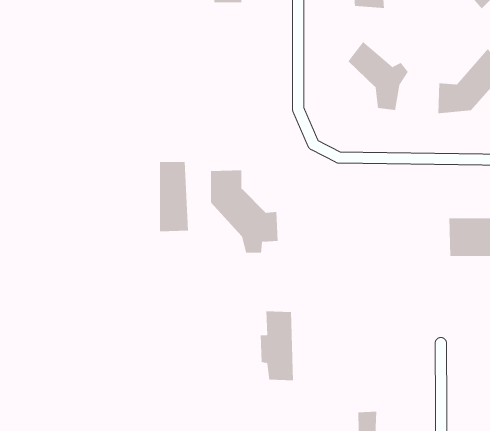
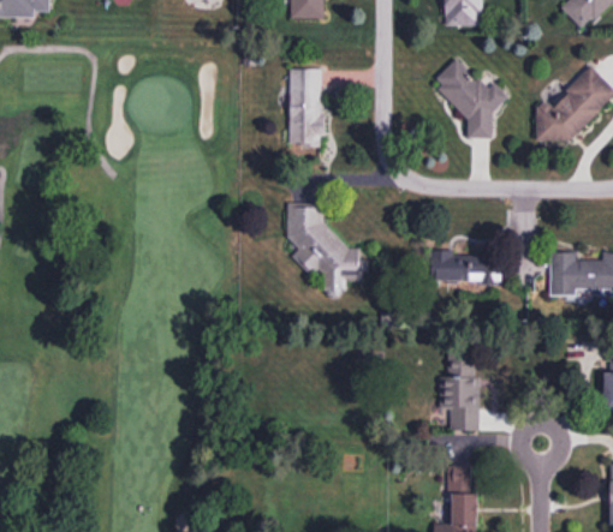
building: [159,162,189,232] -> [290,68,322,145]
building: none -> [429,251,500,280]
building: [260,311,294,381] -> [440,352,477,429]

